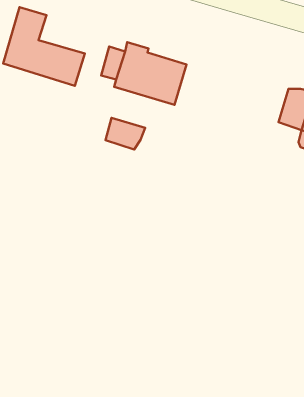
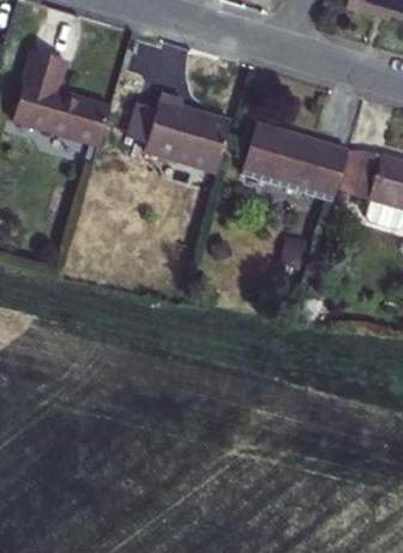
building: none -> [241,122,348,197]
building: [106,118,145,149] -> none

